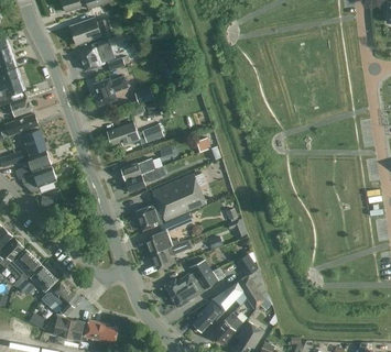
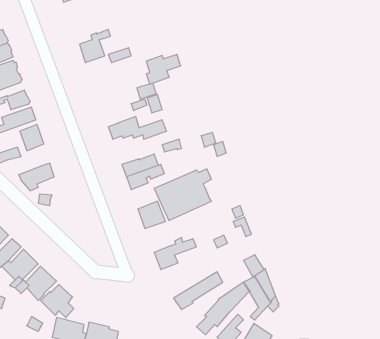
building: [69,18,111,45] -> none
building: [94,77,127,106] -> [146,54,181,84]
building: [14,152,50,179] -> none
building: [144,213,192,253] -> none
building: [164,258,211,297] -> none

